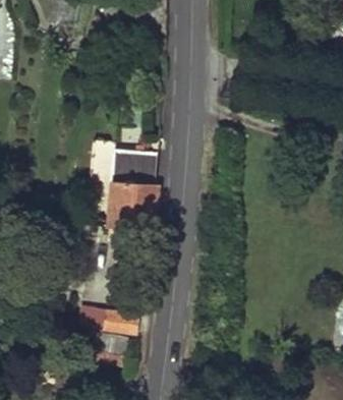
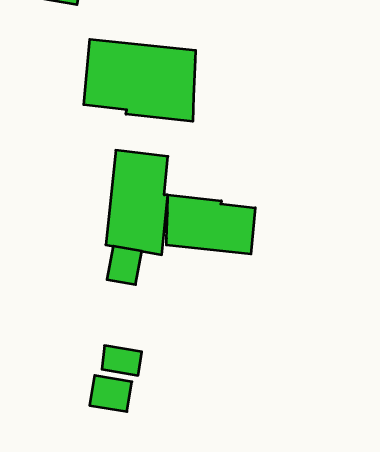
building: none -> [84,39,196,121]
building: none -> [166,195,255,254]

